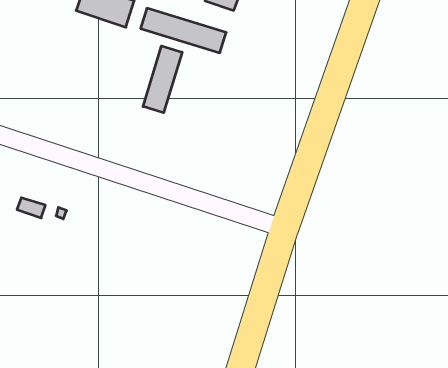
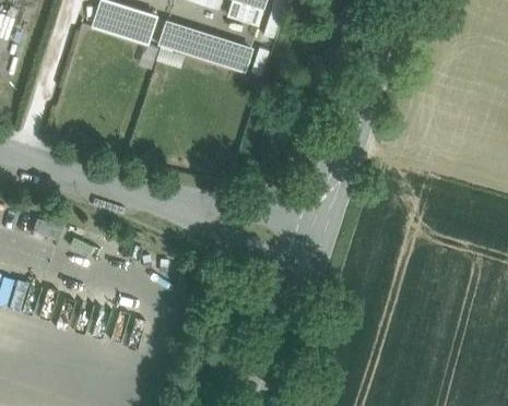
building: [143,46,182,113] -> none

